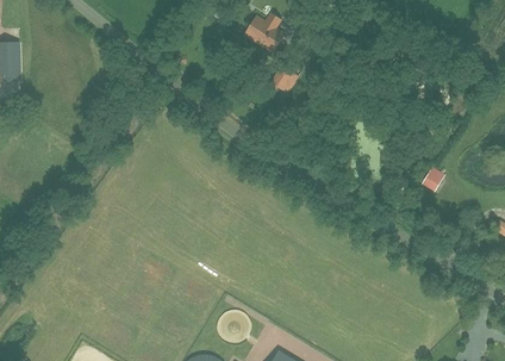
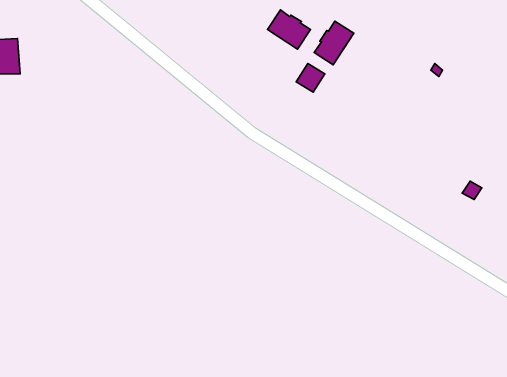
building: none -> [314,21,354,65]

